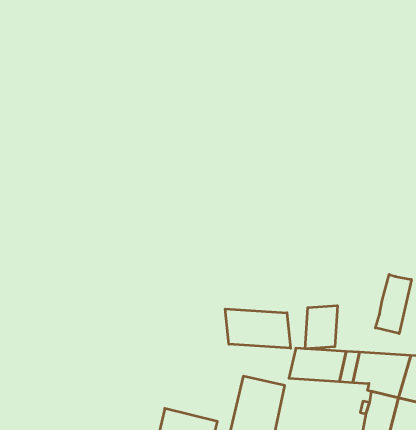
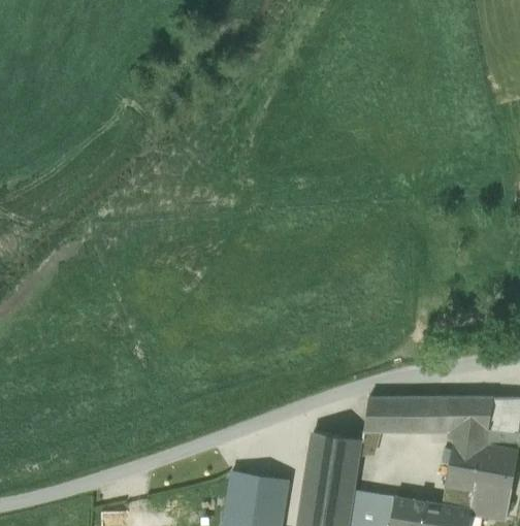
building: [375,274,411,334] -> none
building: [305,306,337,349] -> none
building: [225,309,291,348] -> none

